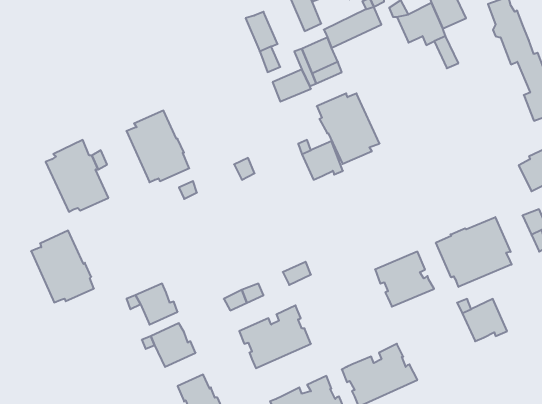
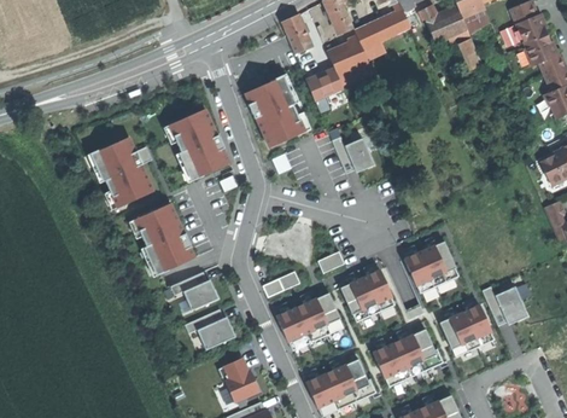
building: [317,93,380,164] -> [245,80,304,146]
building: [436,217,512,287] -> none
building: [31,231,94,302] -> [135,202,194,269]
building: none -> [340,268,394,321]
building: none -> [439,303,495,356]

